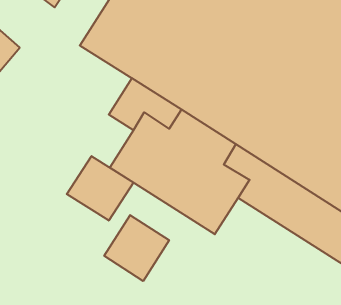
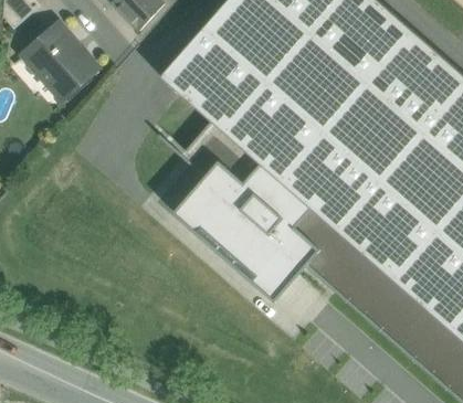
building: [67,156,133,221] -> none
building: [104,215,169,281] -> none

